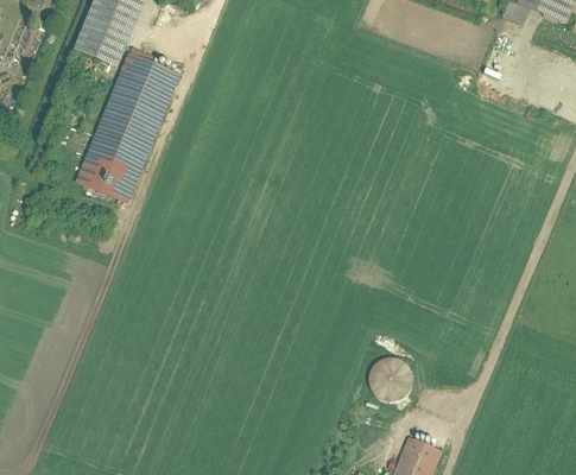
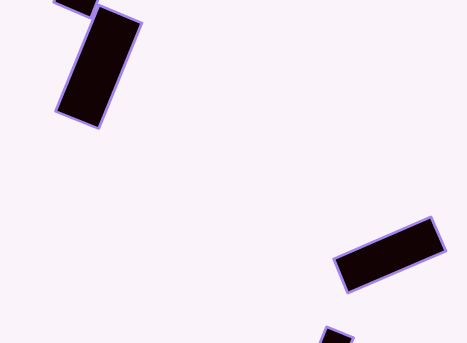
building: none -> [334,217,446,293]
building: [361,355,404,397] -> none

